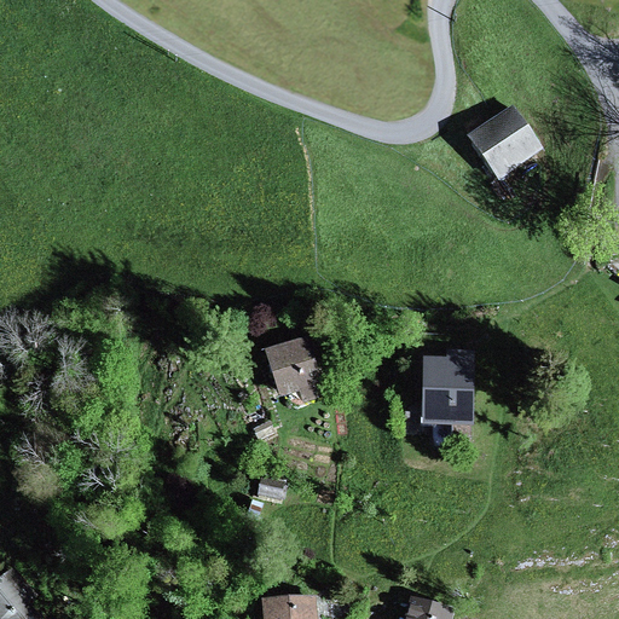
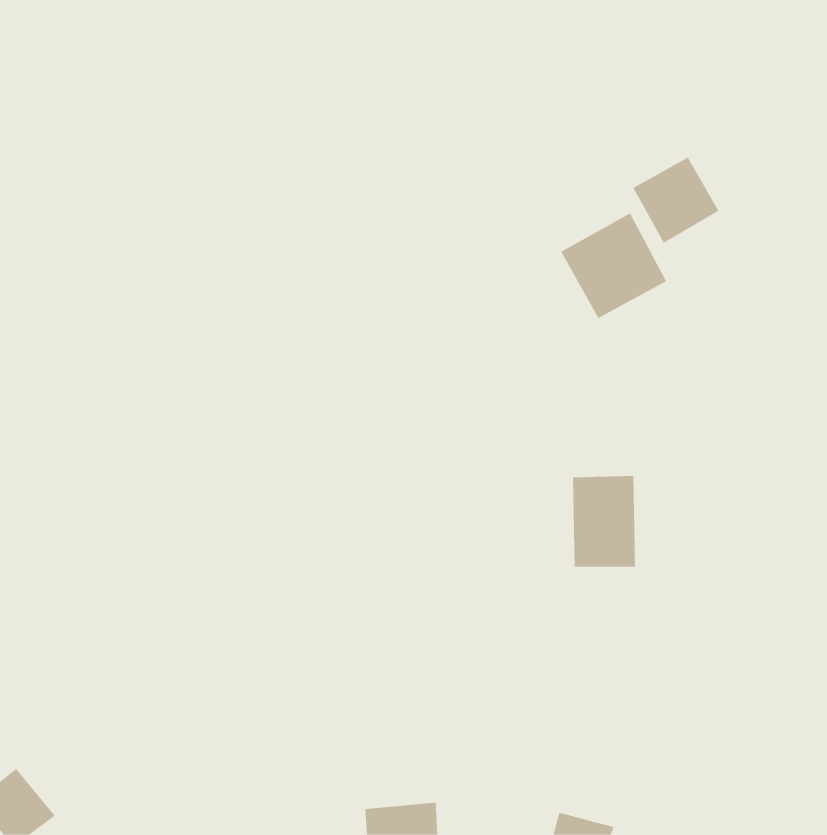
building: none -> [561,212,667,319]
building: [261,339,319,404] -> none

